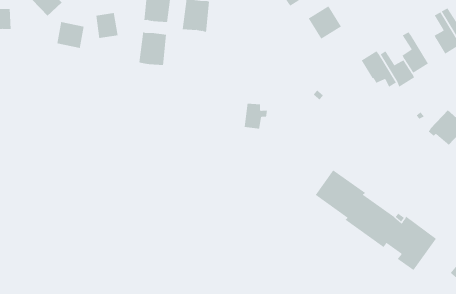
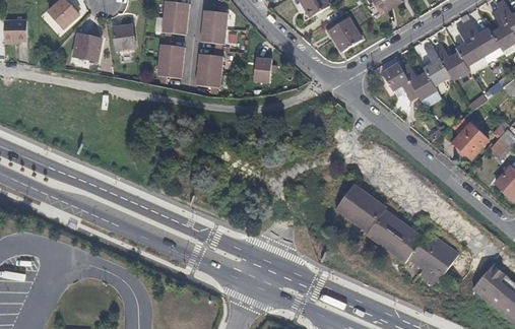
building: none -> [434,43,469,79]
building: none -> [195,53,223,86]
building: [244,103,268,129] -> [253,56,277,82]

